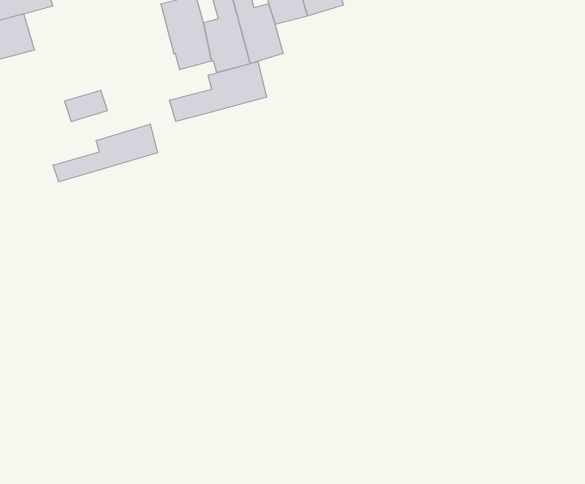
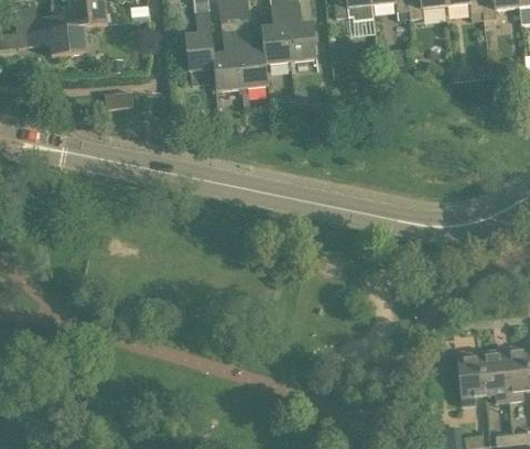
building: [169,61,266,121] -> none
building: [53,124,157,182] -> none

